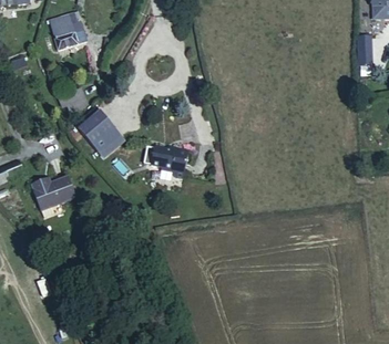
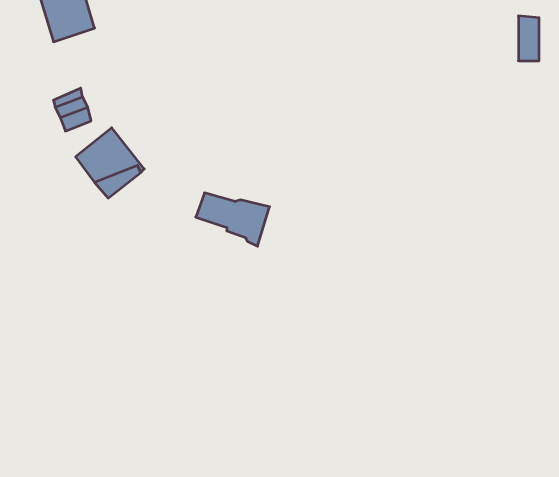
building: [30,176,76,220] -> none

